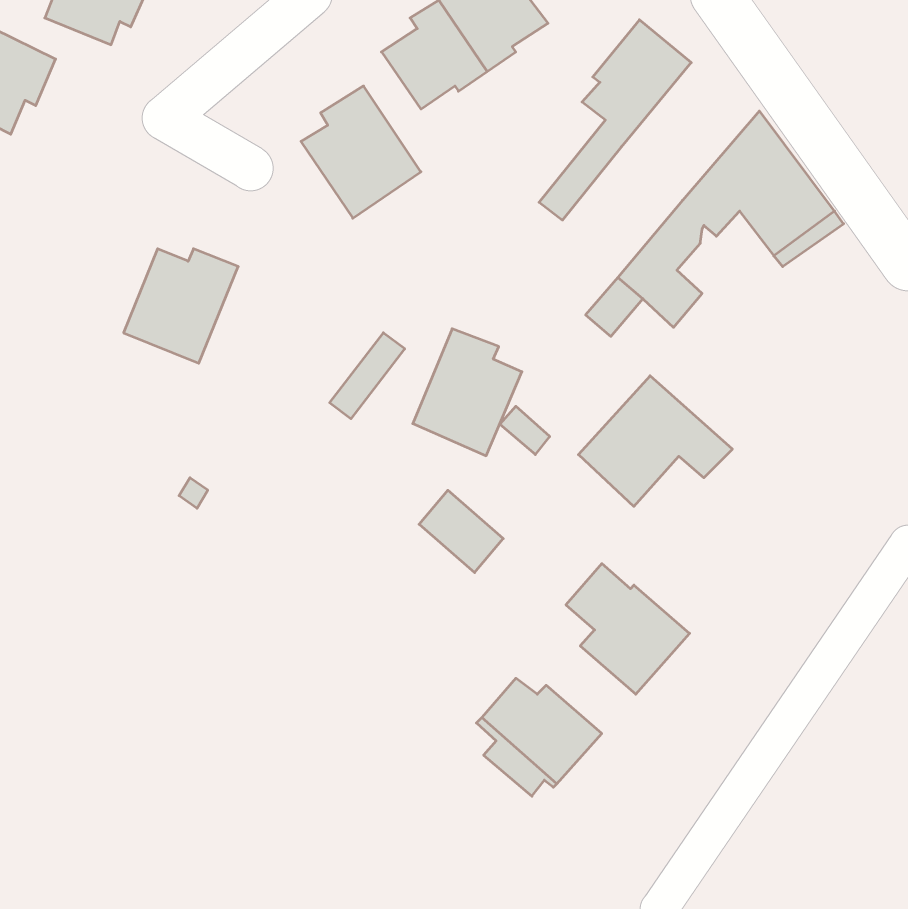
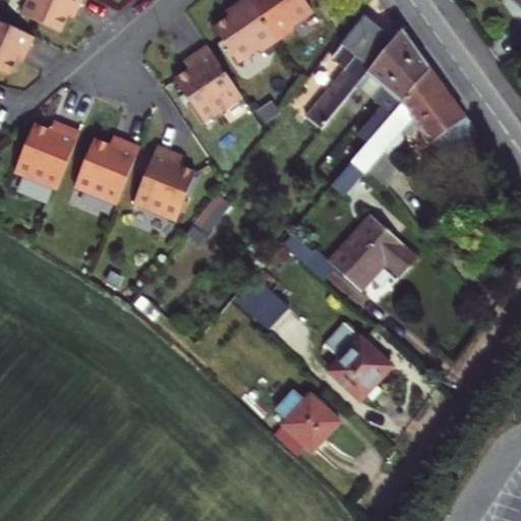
building: none -> [353,24,431,114]
building: none -> [12,126,77,192]
building: [413,329,522,456] -> [130,152,192,224]

